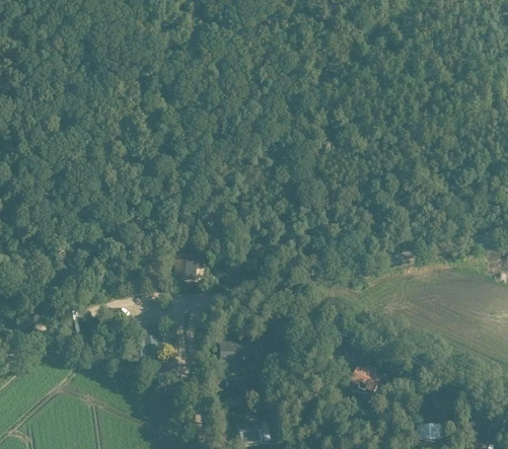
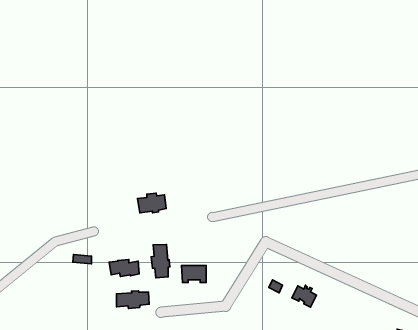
building: none -> [151,245,170,278]
building: none -> [116,291,149,309]

